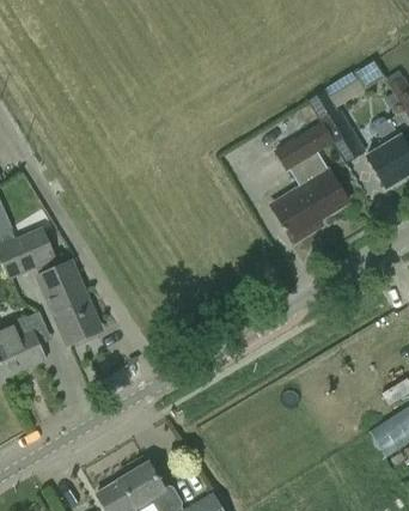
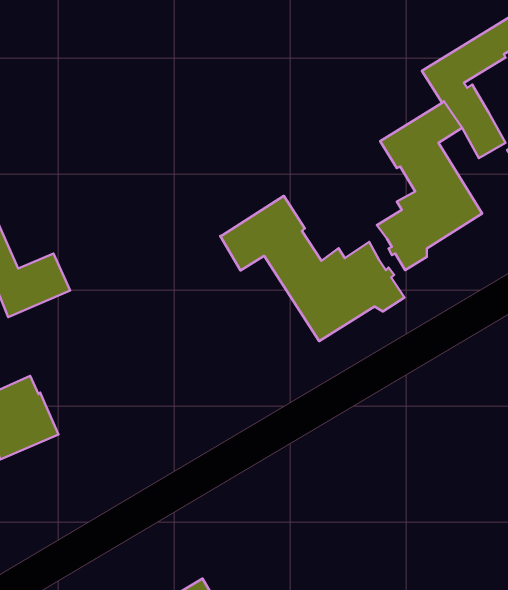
building: none -> [220,196,404,341]
building: [39,262,99,343] -> none

